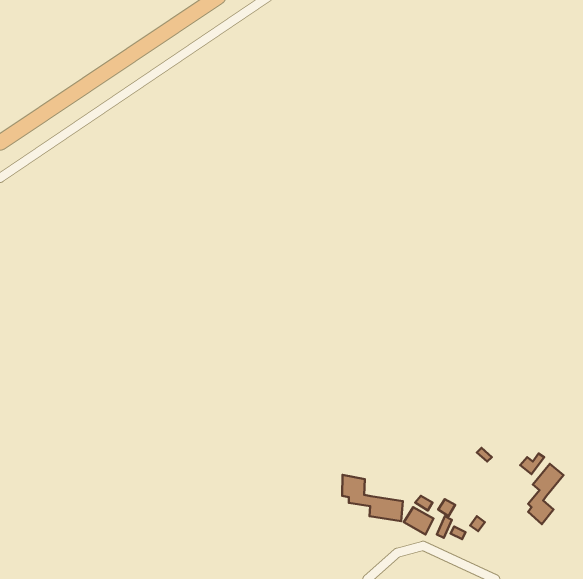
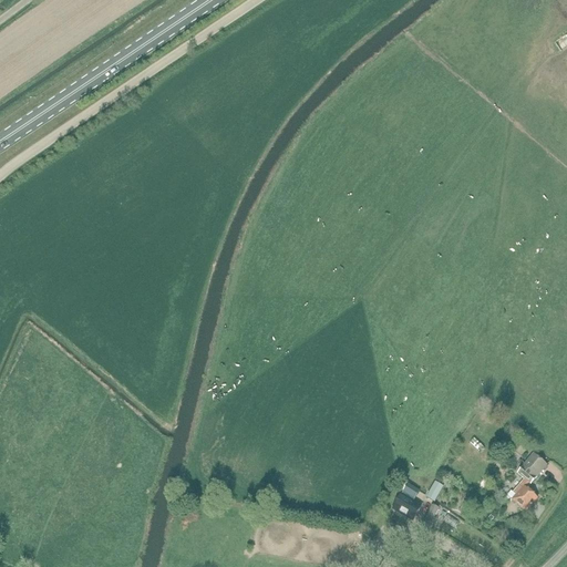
building: [342,475,403,521] -> none

